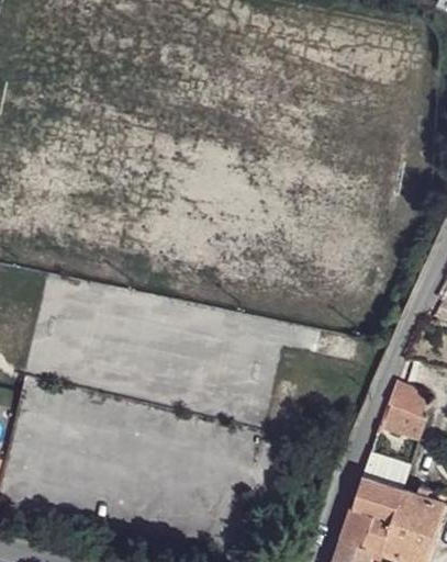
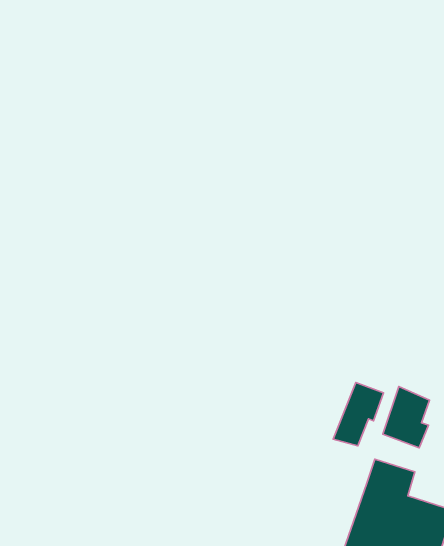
building: none -> [333,383,383,446]

